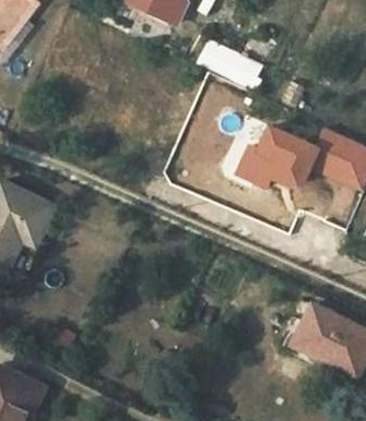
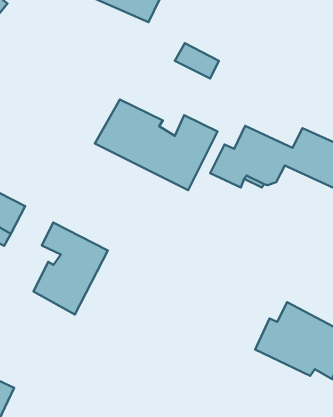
building: none -> [95,99,218,190]
building: none -> [34,222,108,314]

